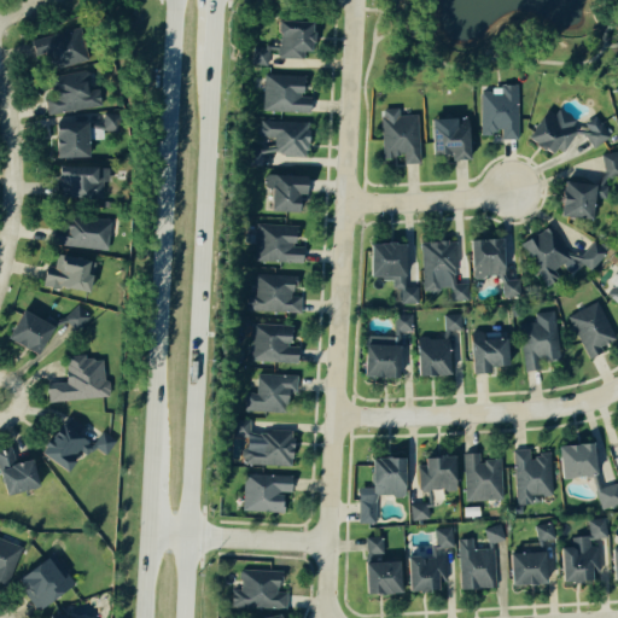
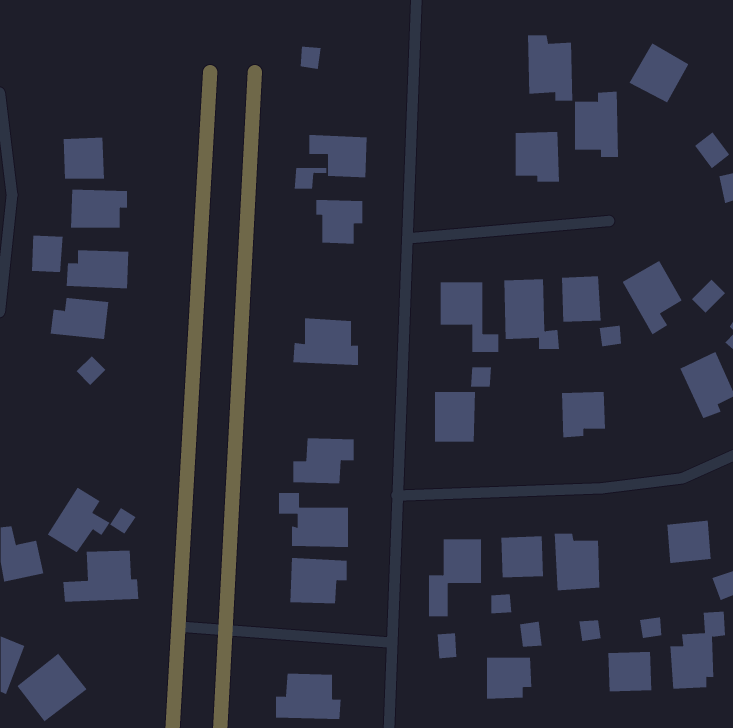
building: [280,19,313,58] -> none
building: [34,27,91,70] -> none
building: [47,70,104,113] -> none
building: [266,74,314,111] -> none
building: [530,105,581,156] -> [629,42,689,103]
building: [384,107,422,163] -> [527,35,573,101]
building: [562,182,610,217] -> none
building: none -> [31,235,63,273]
building: [257,223,305,262] -> none
building: [8,309,54,355] -> none
building: [523,310,562,371] -> none
building: [418,314,464,375] -> none
building: [253,323,301,362] -> none
building: [48,356,112,400] -> [63,550,139,602]
building: [515,449,554,505] -> none
building: [461,538,499,589] -> none
building: [366,561,402,594] -> none

